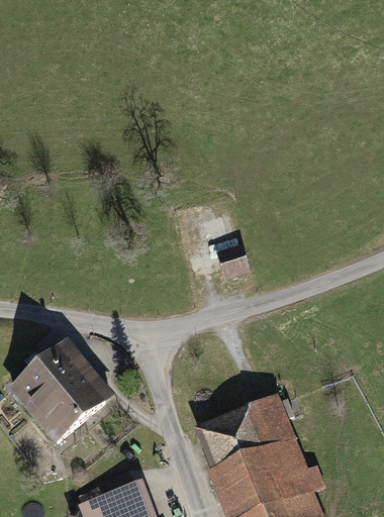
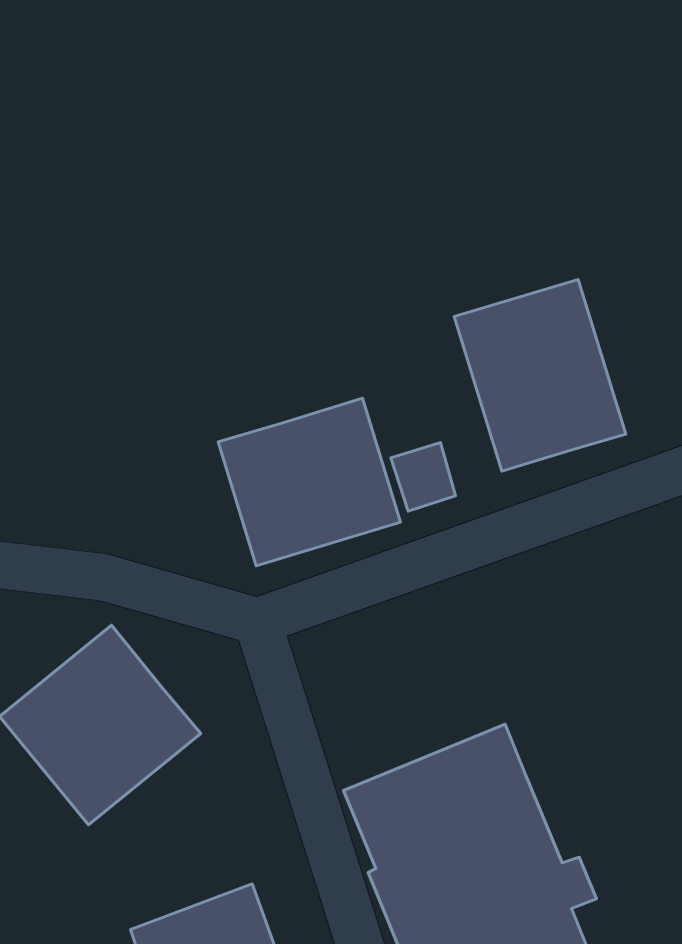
building: none -> [454,280,626,471]
building: none -> [218,398,401,566]

